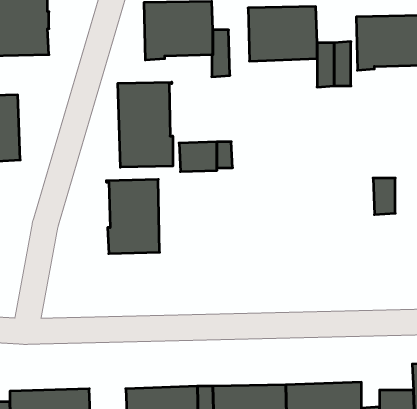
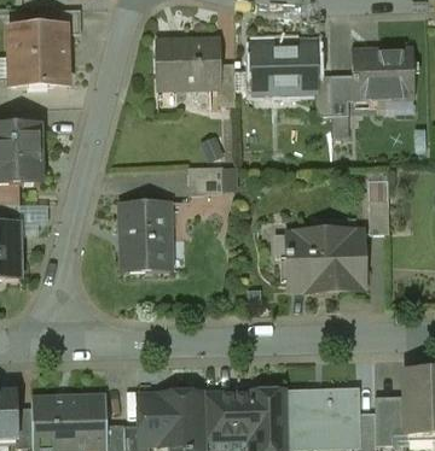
building: [118,82,173,167] -> none
building: none -> [285,232,362,289]

